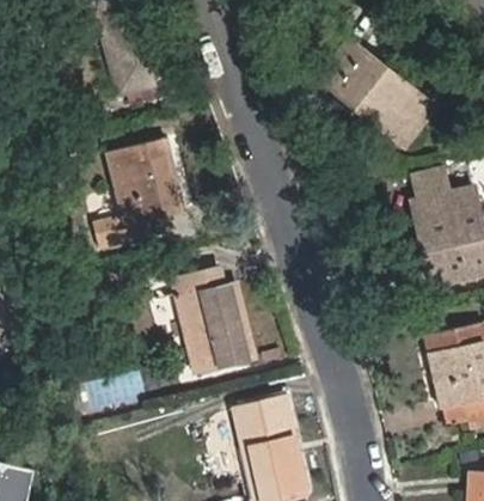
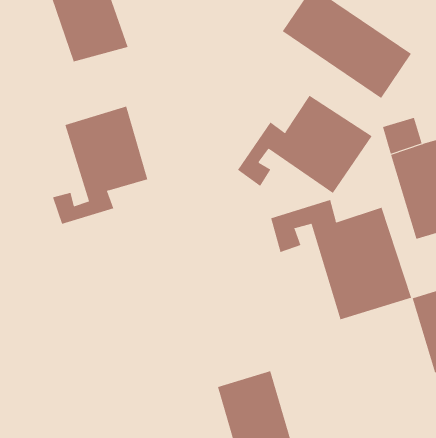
building: none -> [237,95,373,194]
building: none -> [270,199,412,320]
building: [171,269,255,374] -> none

